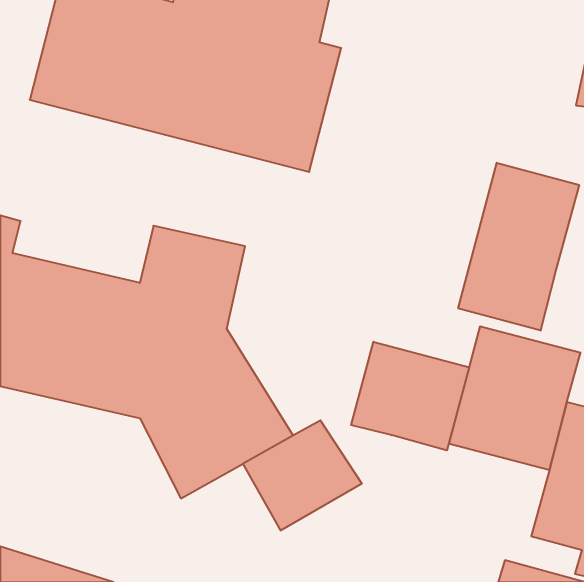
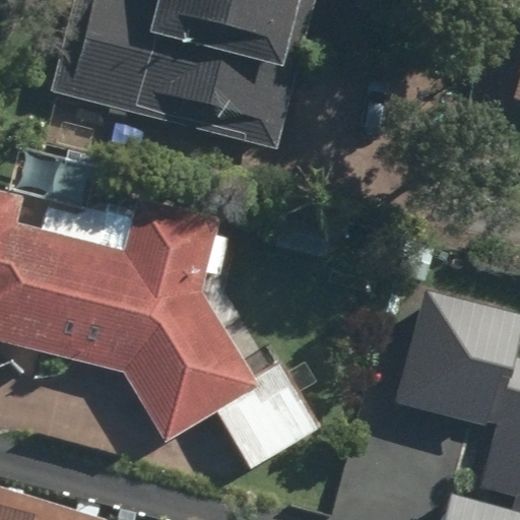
building: [458,163,579,331] -> none
building: [351,342,469,450] -> none

